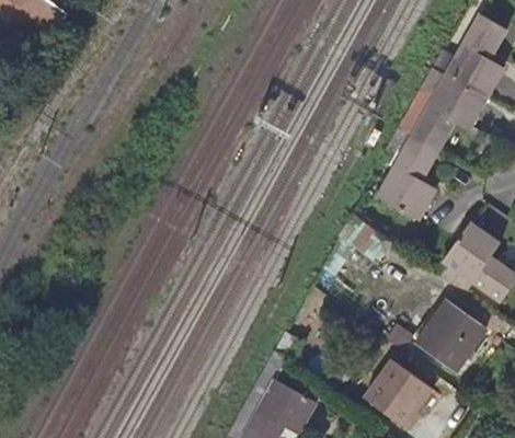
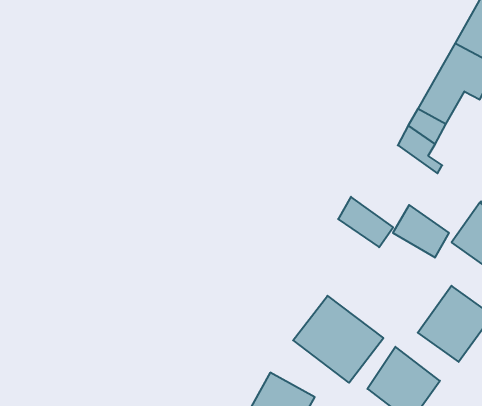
building: [378,169,431,218] -> [393,205,449,258]
building: none -> [293,296,383,383]

